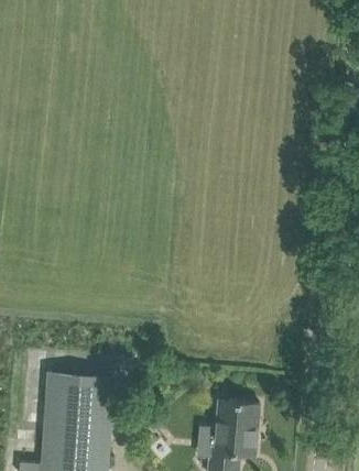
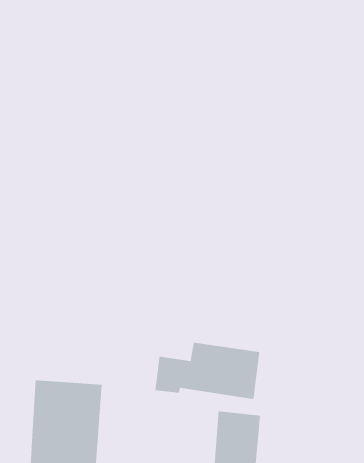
building: none -> [155,342,260,400]

